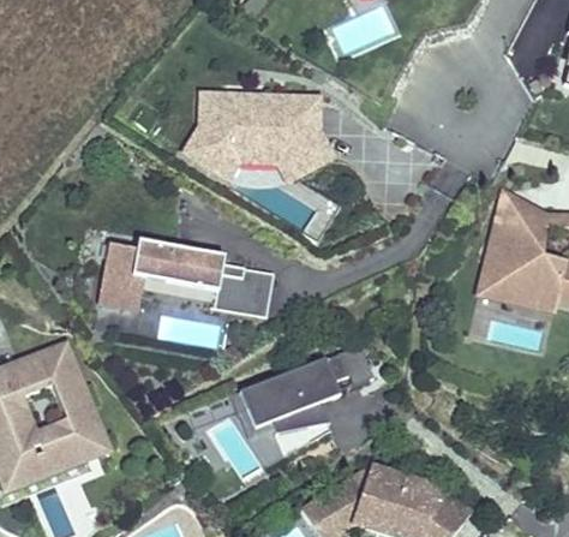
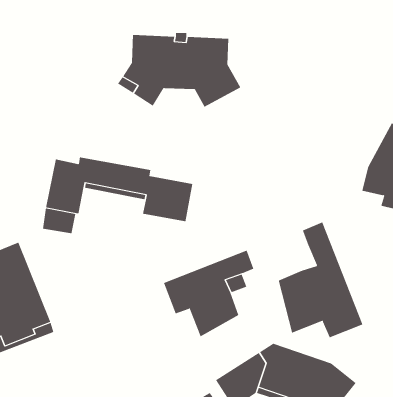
building: none -> [278,222,363,338]

